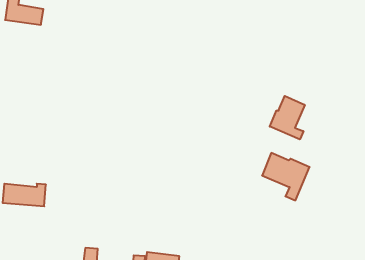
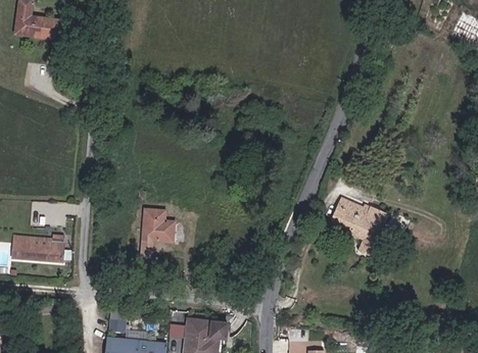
building: [270,96,305,139] -> none
building: none -> [140,208,174,265]

